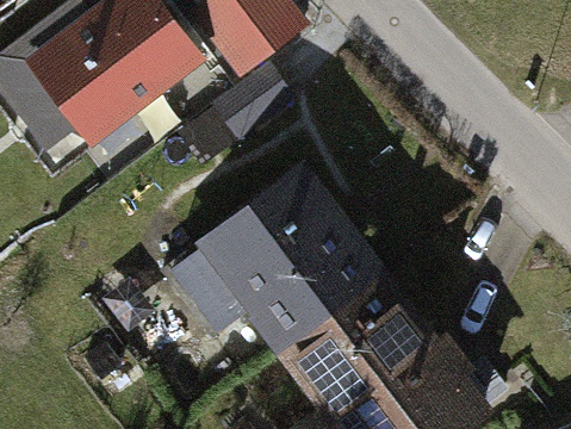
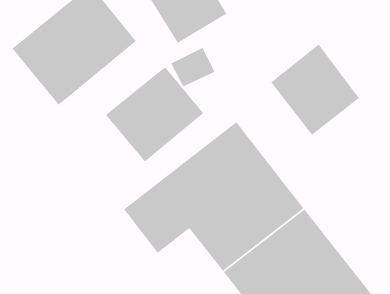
building: none -> [270,44,360,136]
building: none -> [105,66,204,162]

